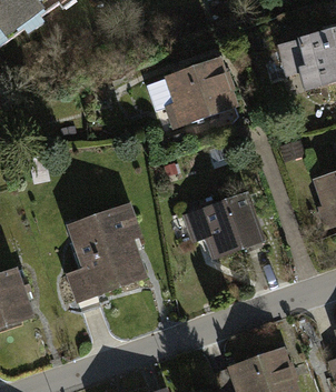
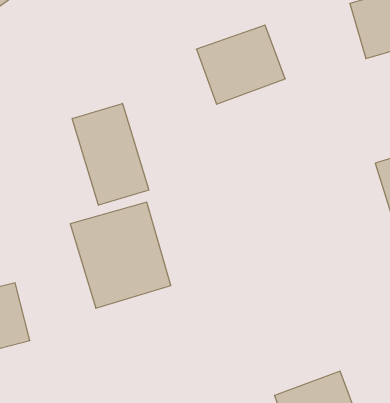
building: none -> [72,103,149,205]
building: [179,187,260,252] -> none

